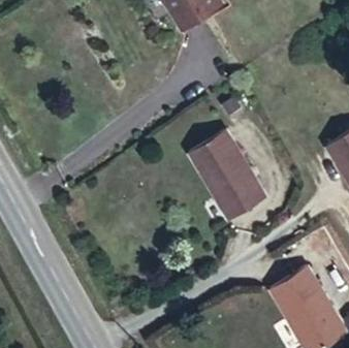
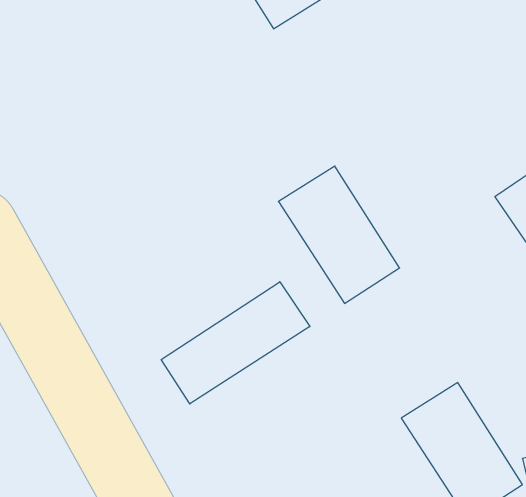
building: none -> [161,282,310,404]

